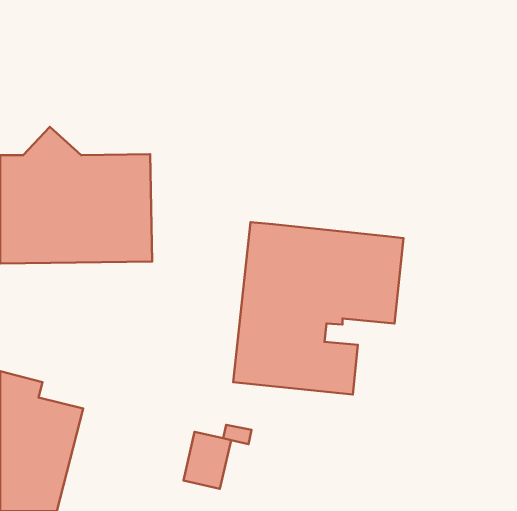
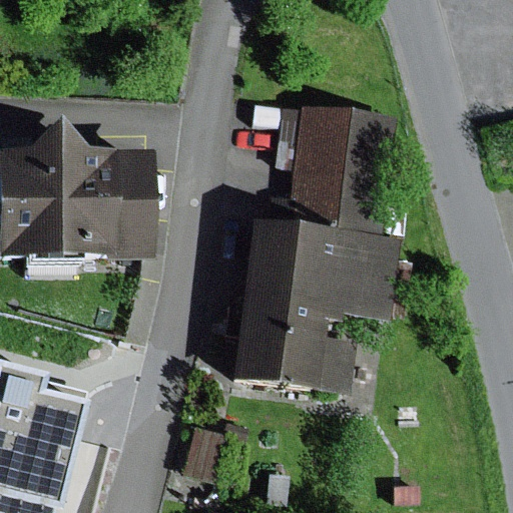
building: none -> [271,104,396,233]

